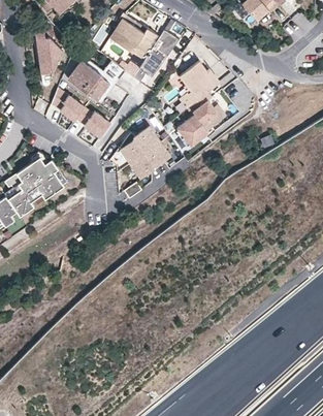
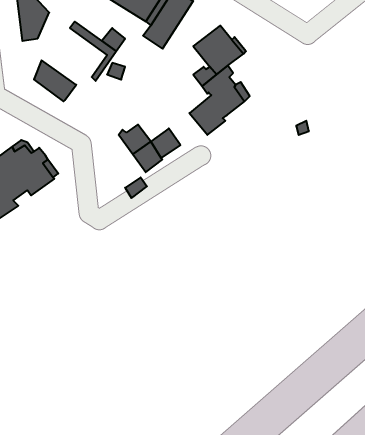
building: [68,63,110,102] -> none
building: [76,108,111,137] -> none
building: [123,128,160,154] -> none

